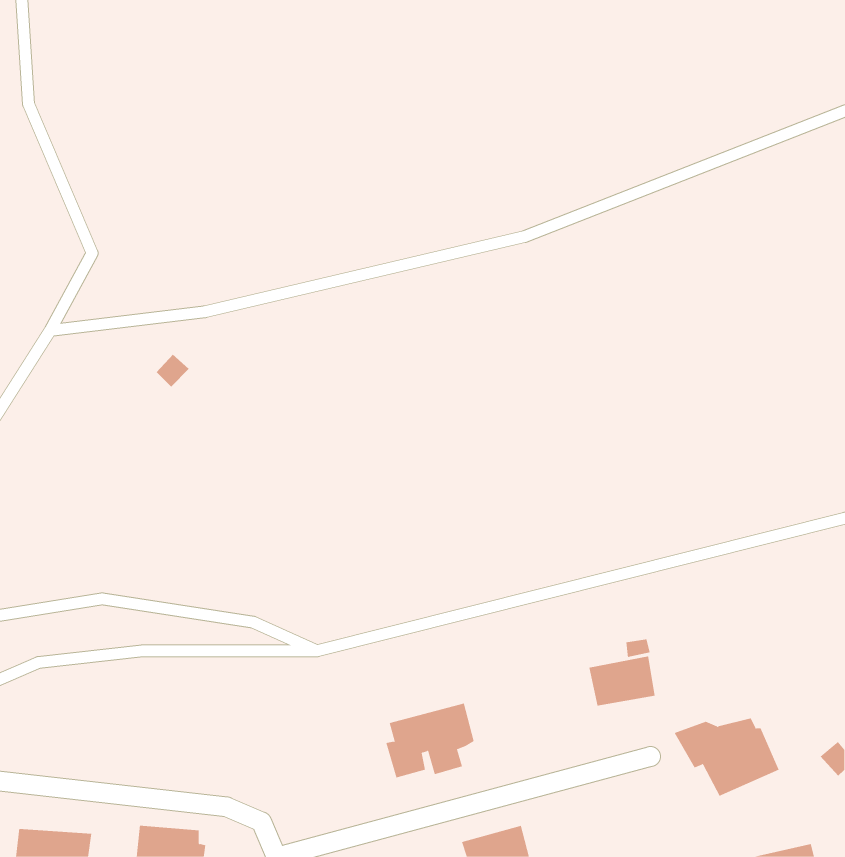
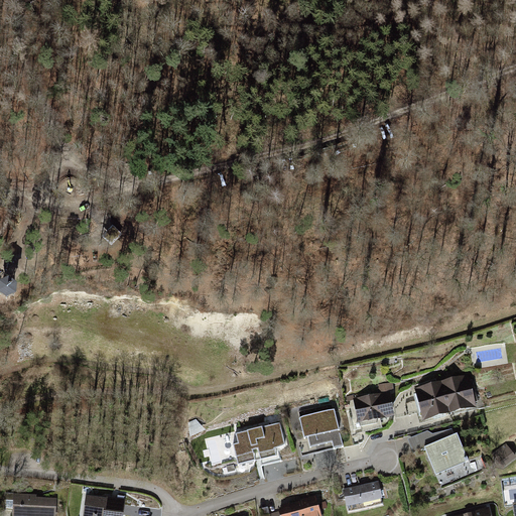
building: none -> [413,376,476,423]
building: none -> [299,410,343,450]
building: none -> [343,482,384,509]

